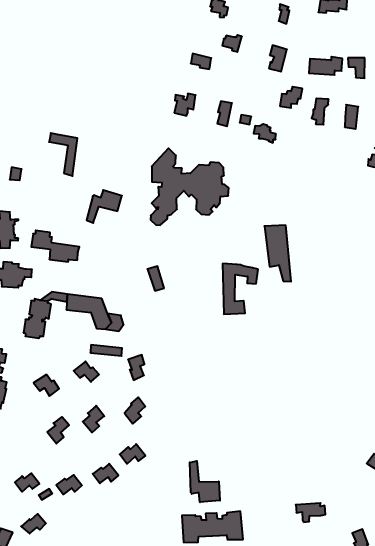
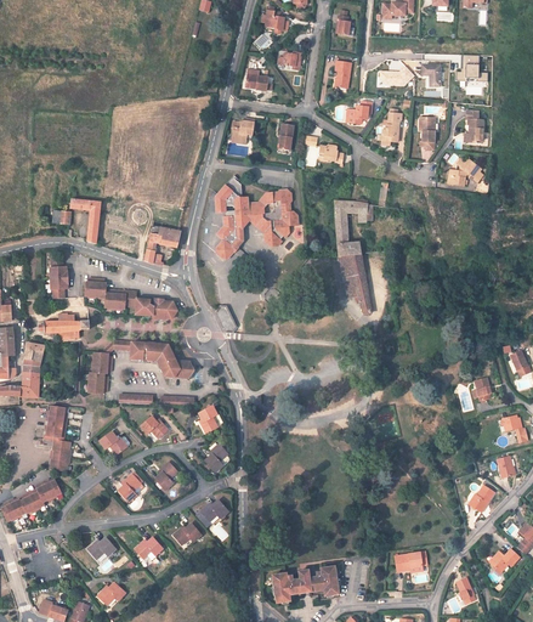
building: [49,133,77,176] -> [70,198,101,243]
building: none -> [138,296,175,317]
building: [223,264,258,314] -> [334,200,373,255]
building: [190,461,220,502] -> none

